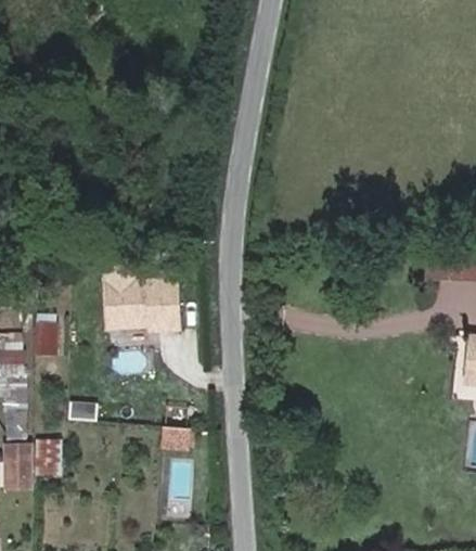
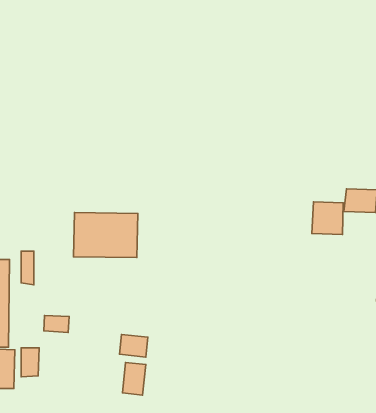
building: none -> [312,202,343,234]
building: none -> [122,363,146,395]

